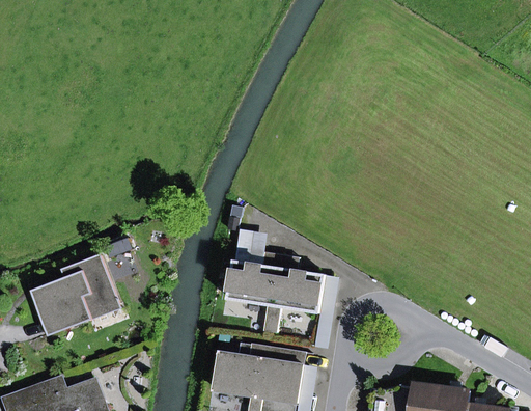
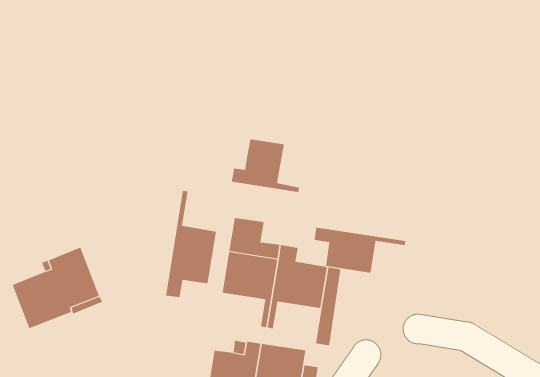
building: none -> [231,138,300,193]
building: none -> [165,190,217,298]
building: none -> [314,227,406,274]

